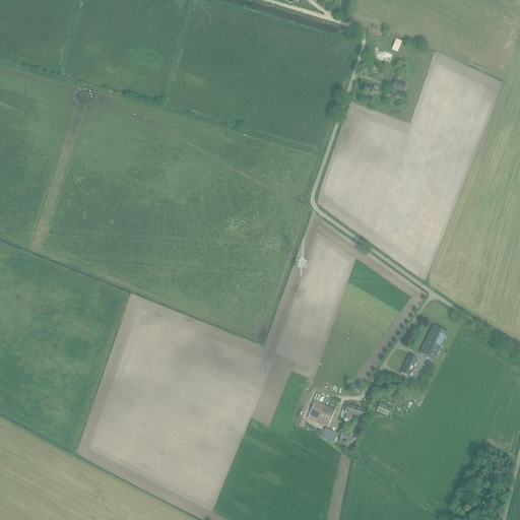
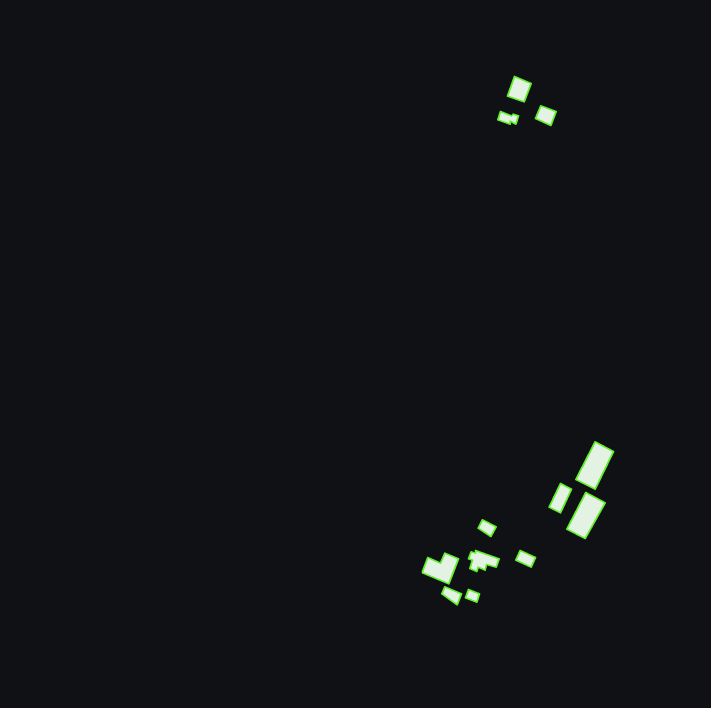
building: none -> [567,492,605,539]

